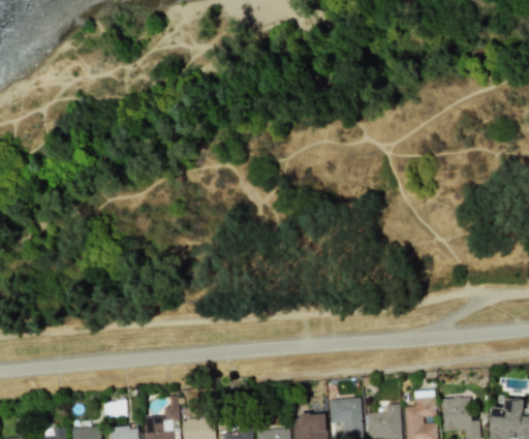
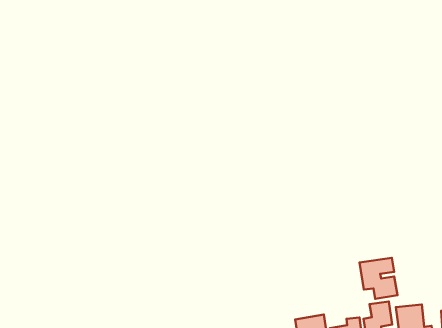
building: none -> [360,258,398,299]

